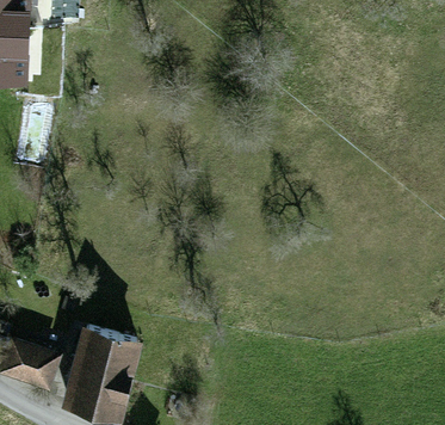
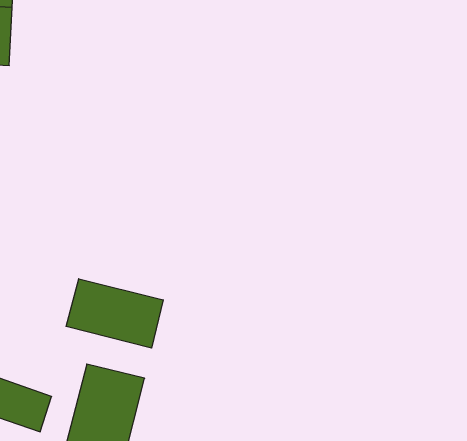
building: none -> [66,279,163,348]

